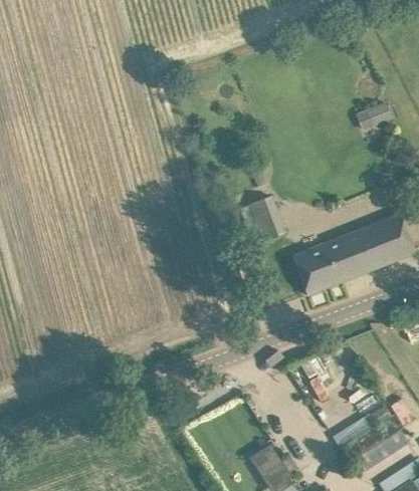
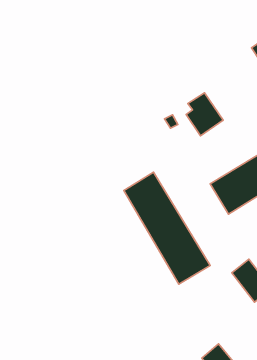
building: [243,197,284,245] -> [186,93,223,136]
building: none -> [124,172,210,284]

